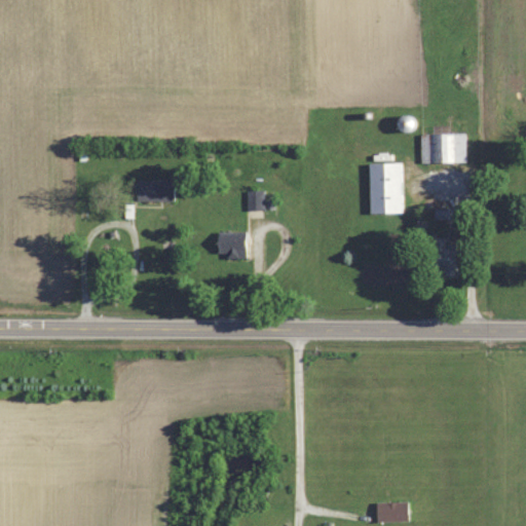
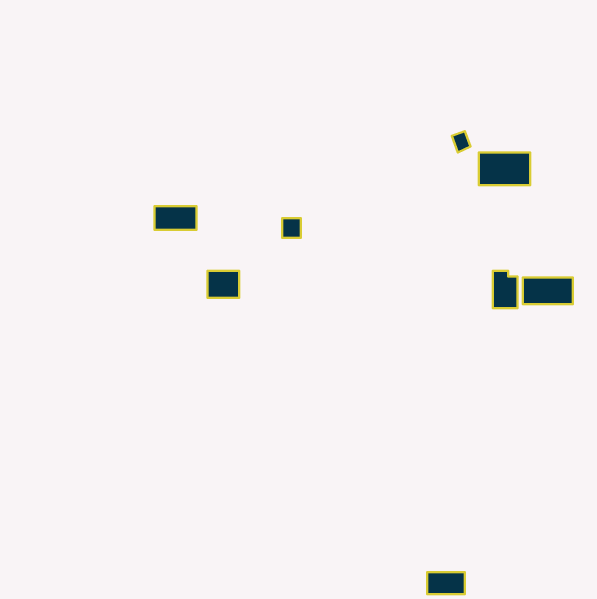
building: [369,162,403,214] -> none
building: [218,232,246,256] -> [207,271,239,298]
building: none -> [523,277,573,304]

